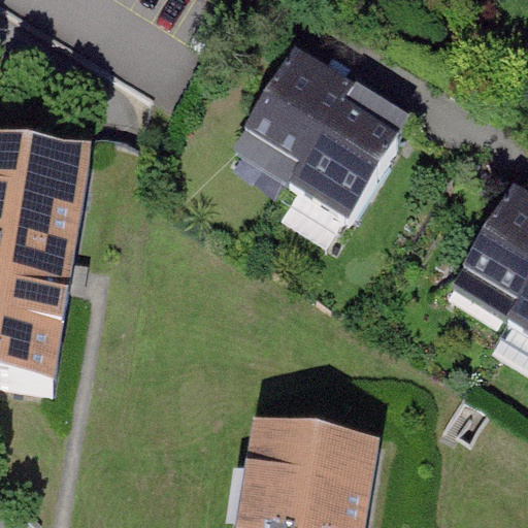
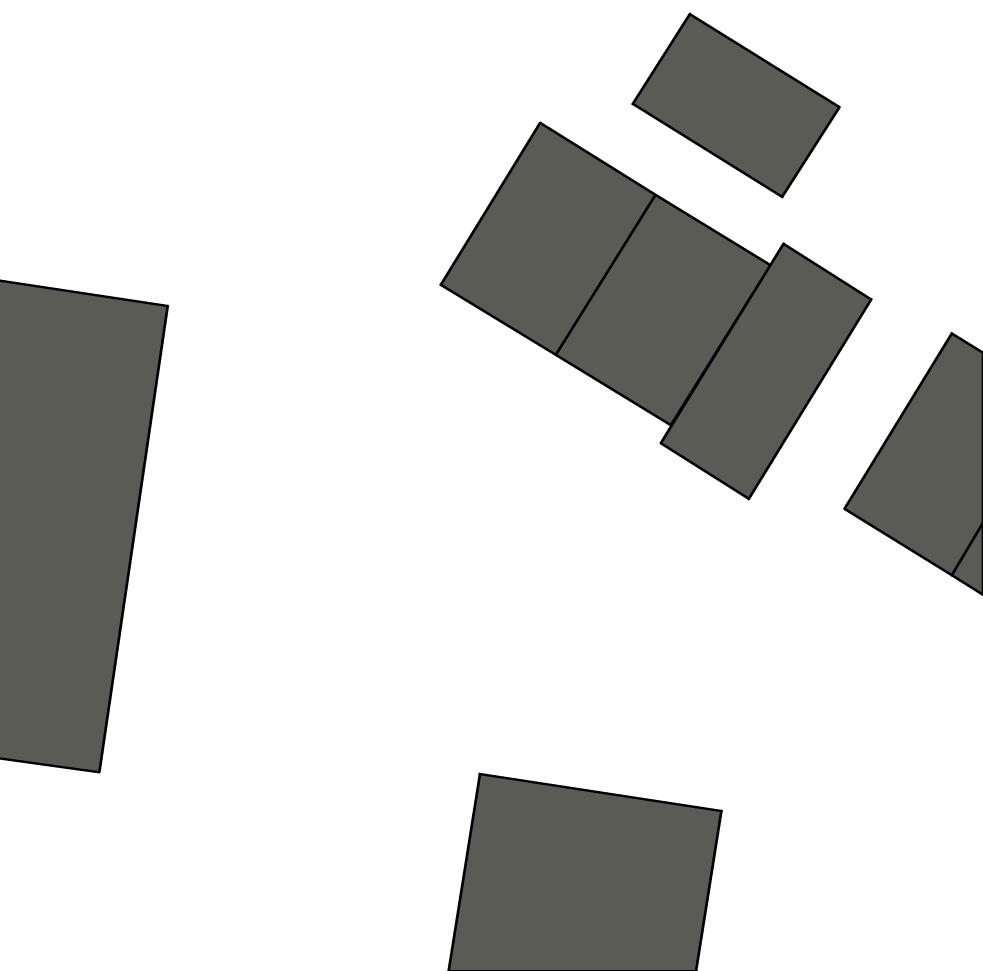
building: none -> [633,14,839,197]
building: none -> [661,244,871,499]

